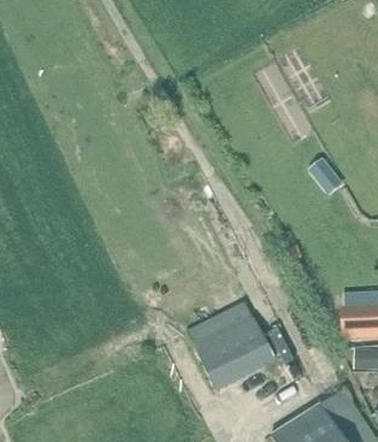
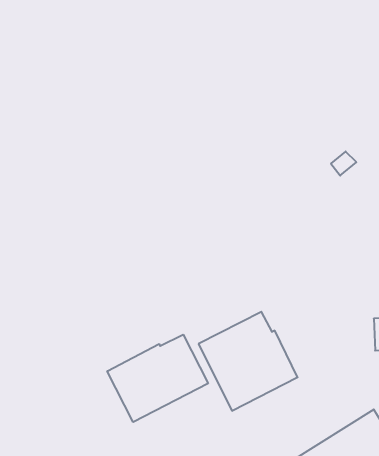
building: none -> [107,335,208,422]

